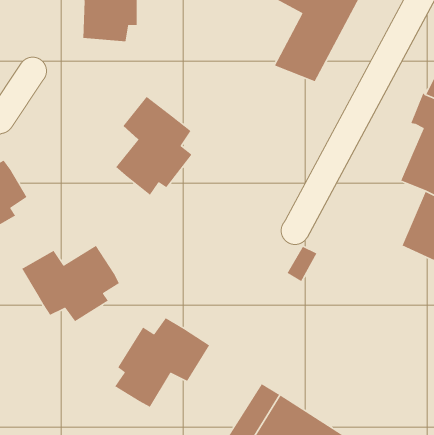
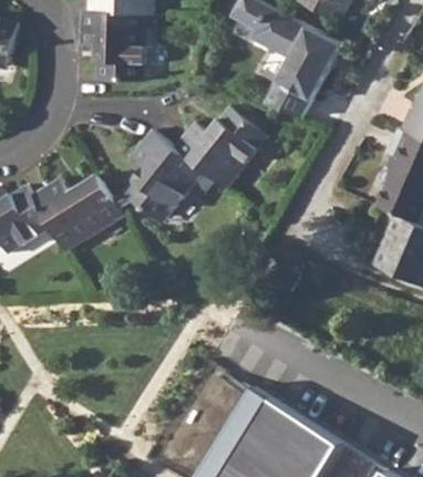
building: none -> [175,106,261,180]
building: [21,245,120,322] -> [32,175,120,243]
building: [114,317,210,408] -> none

